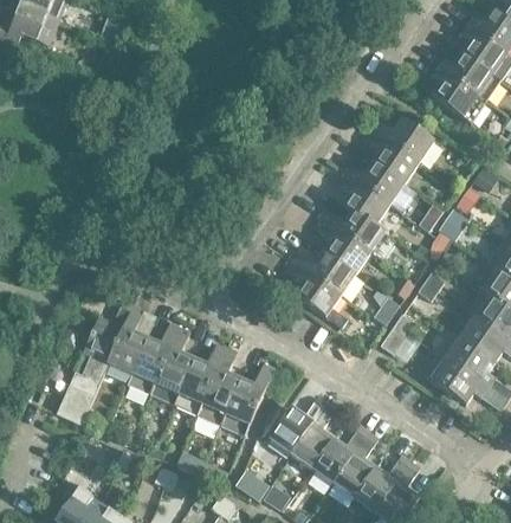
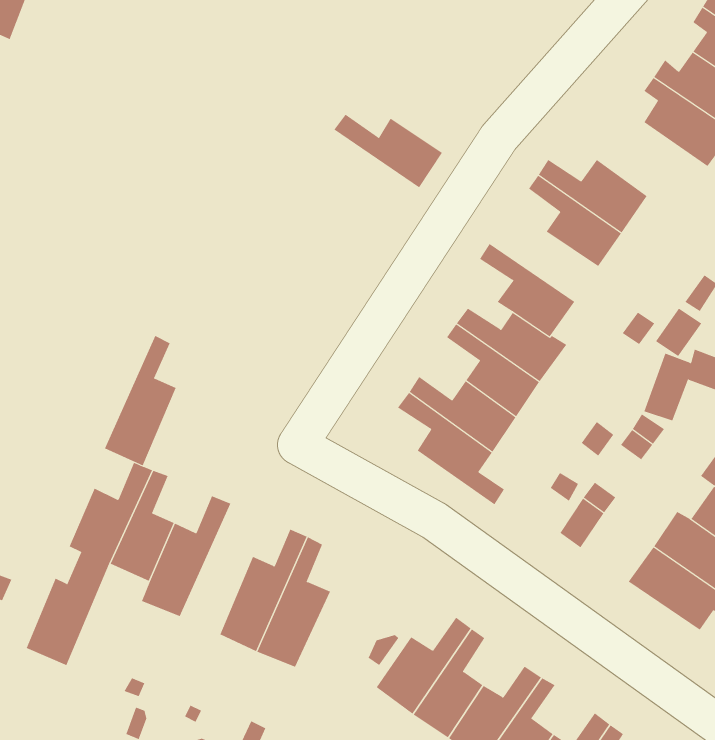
building: [337,161,403,206] -> [333,114,443,188]
building: [150,328,194,407] -> [104,335,176,466]
building: [220,364,274,438] -> none

